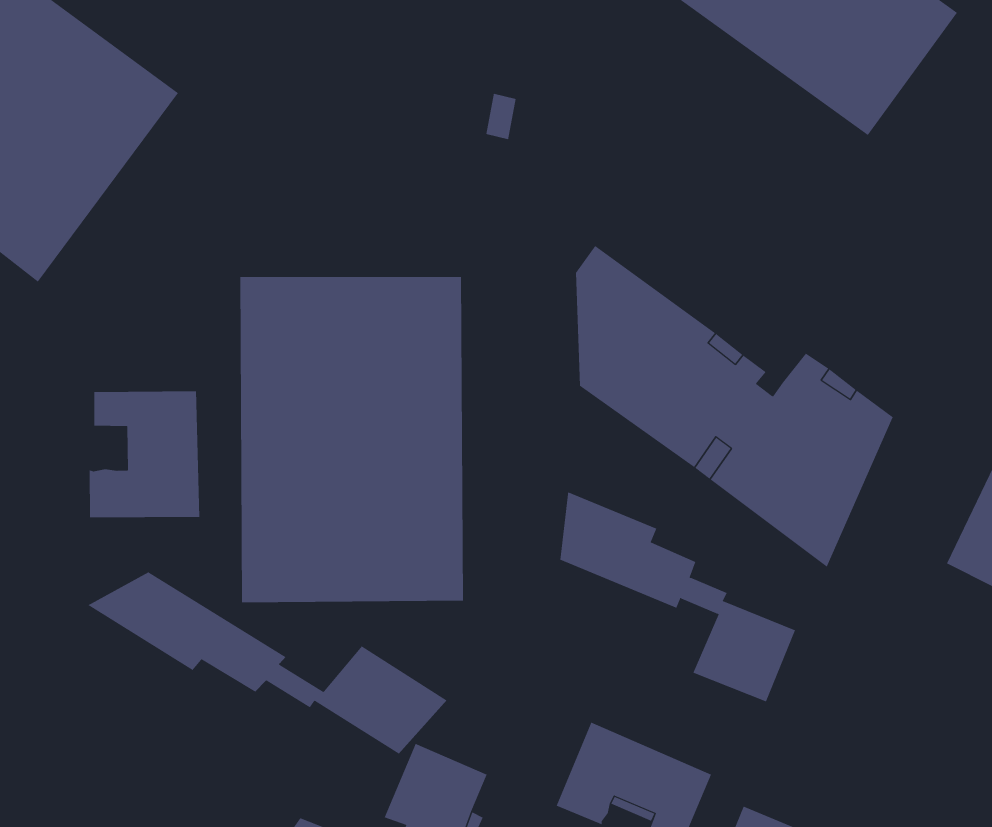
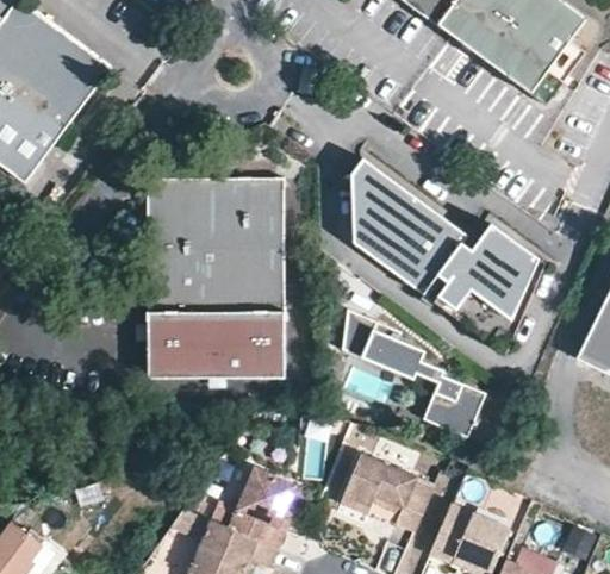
building: [89,391,200,518] -> none
building: [87,572,447,754] -> none

